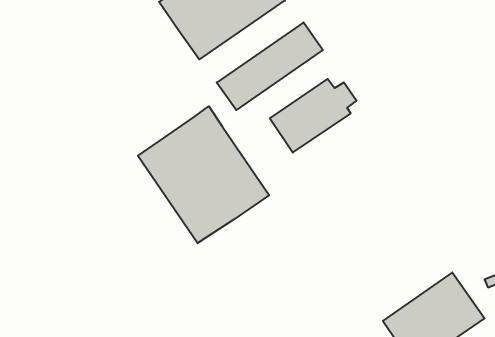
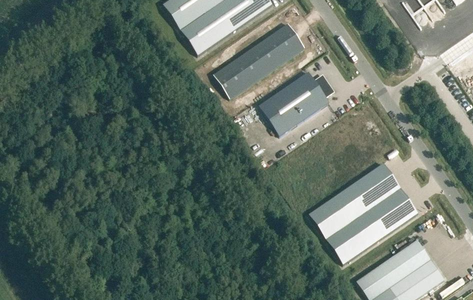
building: [138,106,269,243] -> none
building: none -> [309,163,417,264]

